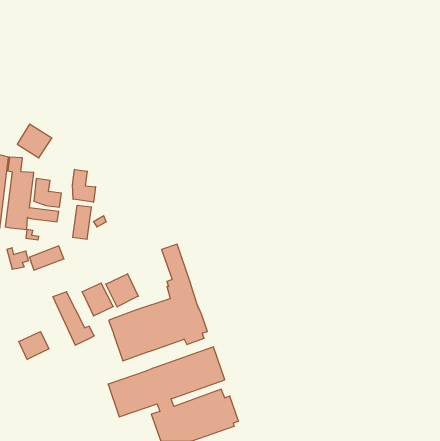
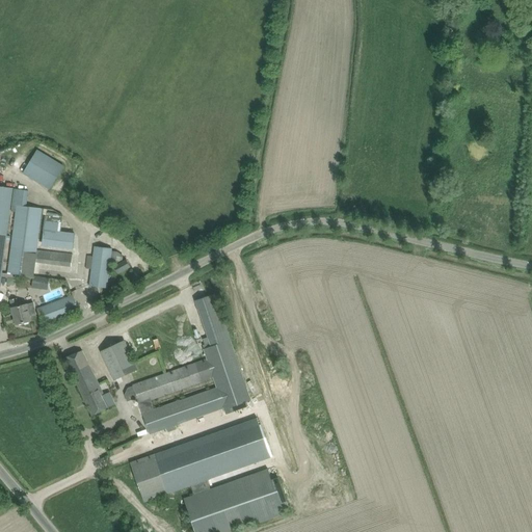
building: [73,169,95,202] -> none
building: [106,274,138,307] -> none
building: [19,332,49,359] -> none

